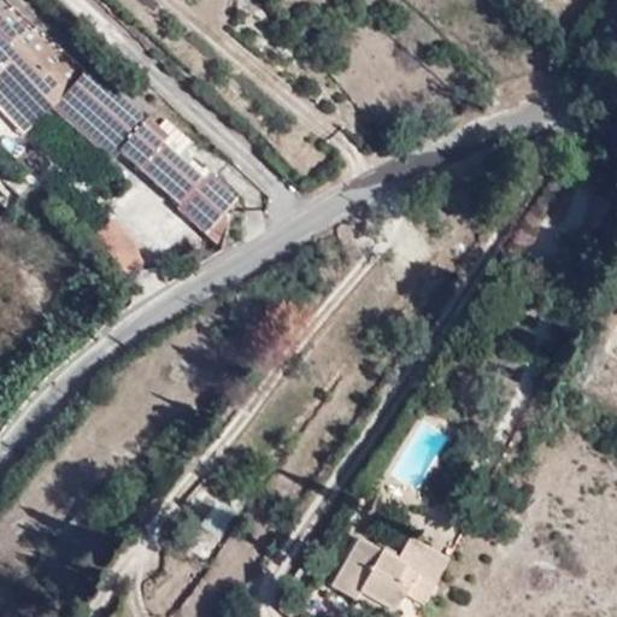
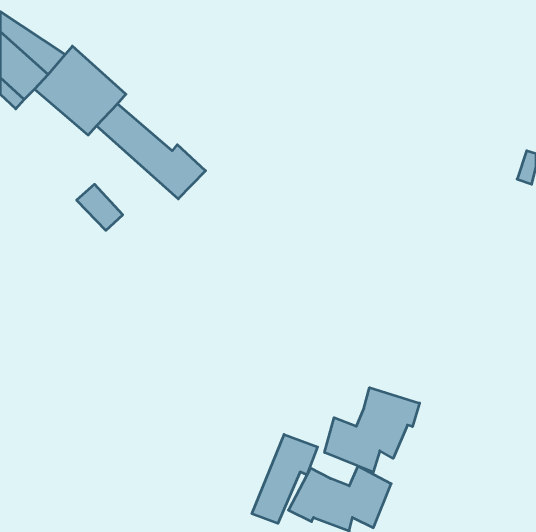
building: [135,108,204,174] -> none
building: none -> [325,388,420,472]
building: none -> [252,434,318,523]

